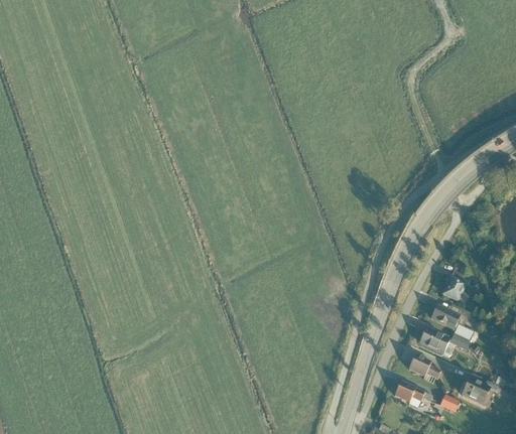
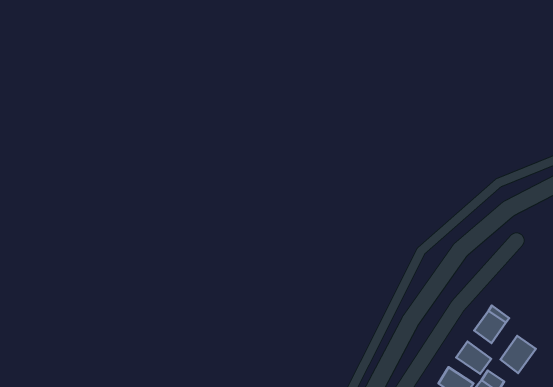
building: none -> [500,336,536,373]

